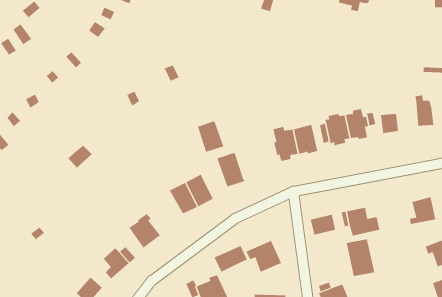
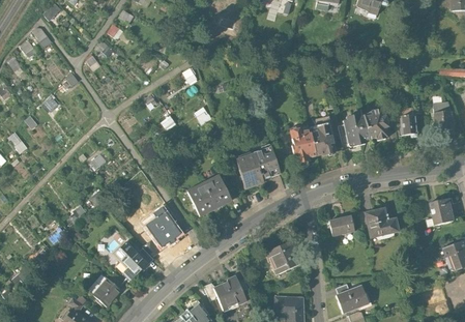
building: [197,120,224,153] -> [254,147,281,179]
building: [346,238,375,277] -> none
building: [214,245,248,272] -> none

